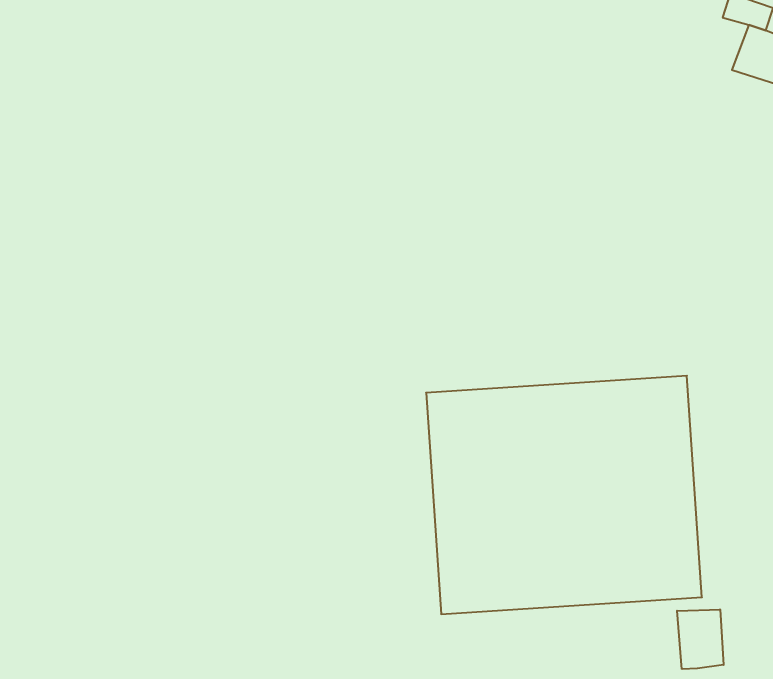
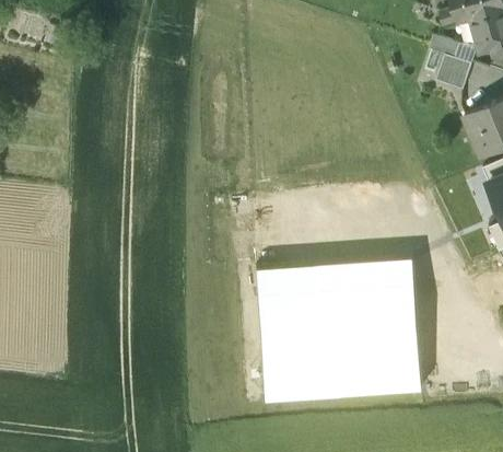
building: [677,609,724,669] -> none

